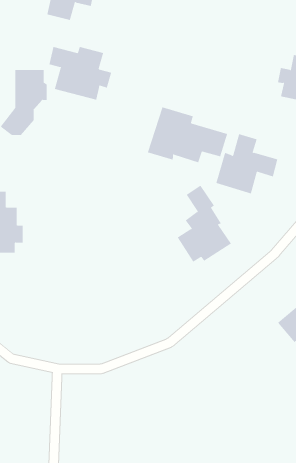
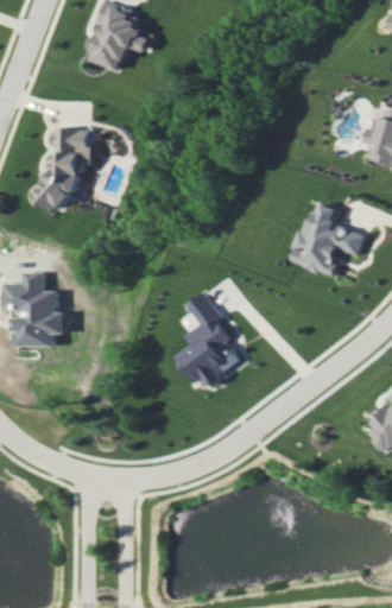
building: [49,46,112,101] -> none
building: [147,107,228,163] -> none
building: [177,185,232,263] -> [176,292,241,385]

